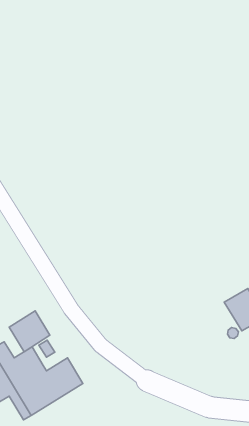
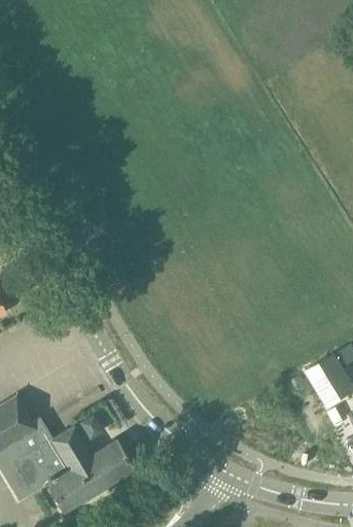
building: [9,311,50,352] -> none

